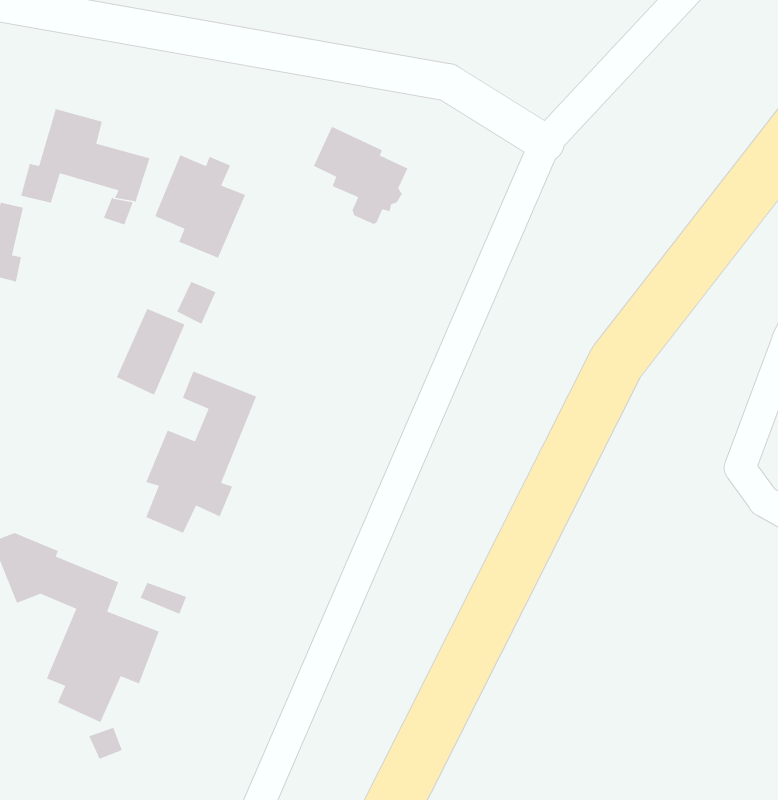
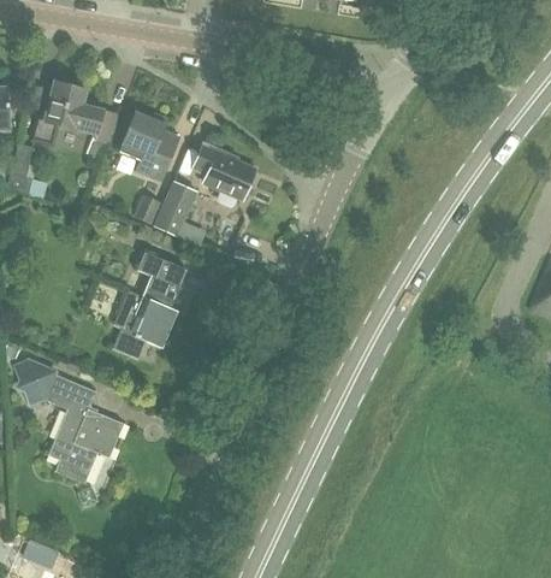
building: [313,126,408,225] -> [191,141,254,206]
building: [116,308,186,396] -> [158,176,203,234]

